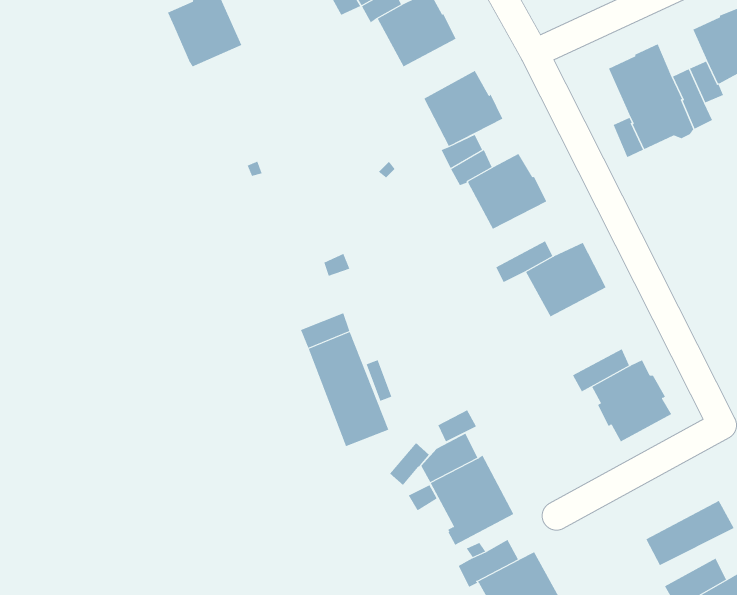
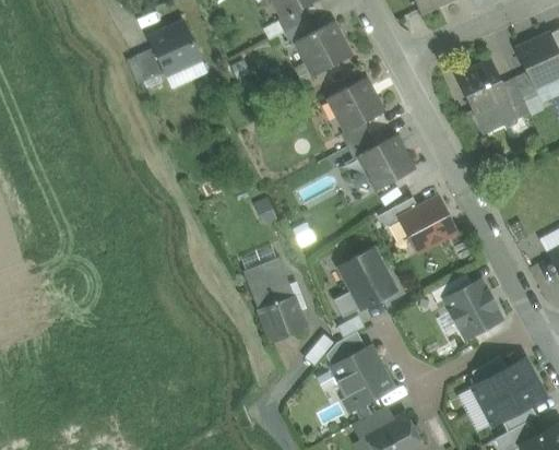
building: none -> [134,48,165,82]
building: none -> [341,249,395,309]
building: none -> [473,359,535,406]

